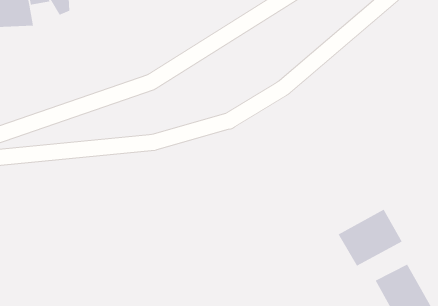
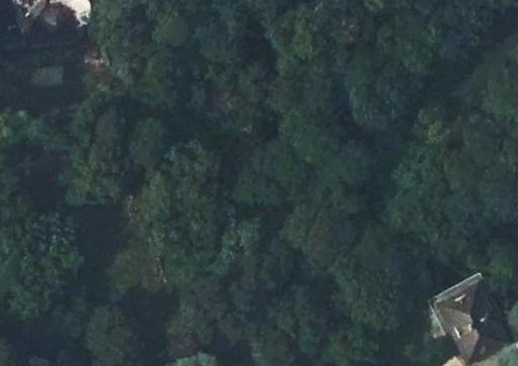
building: [338,209,402,266] -> none

